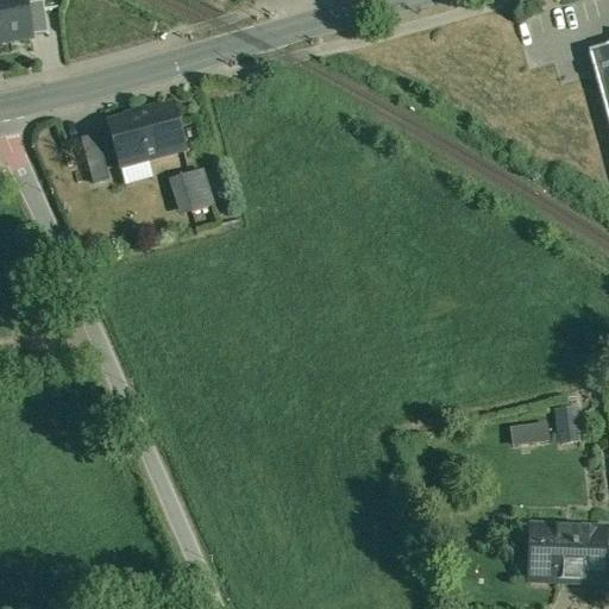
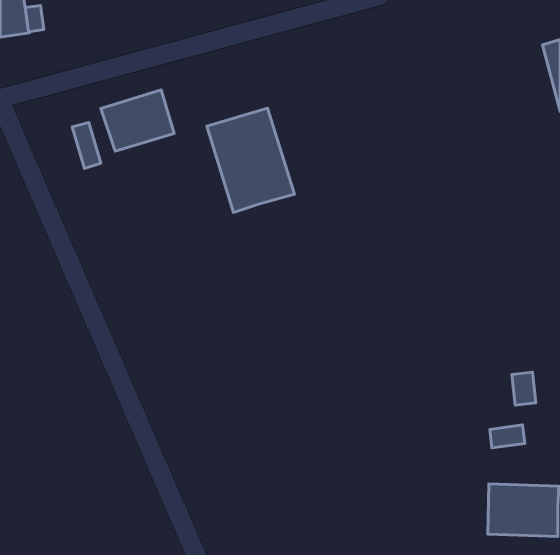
building: none -> [207,108,294,213]
building: [170,170,214,212] -> none
building: [510,420,548,445] -> [490,425,525,448]

